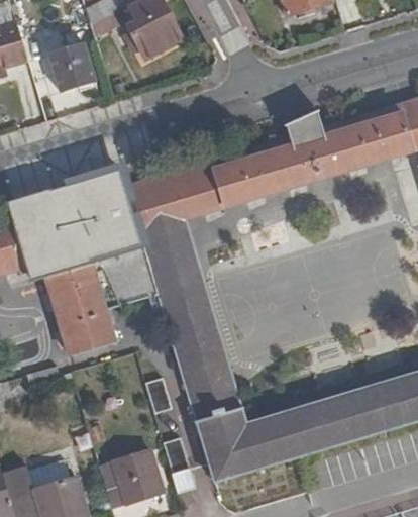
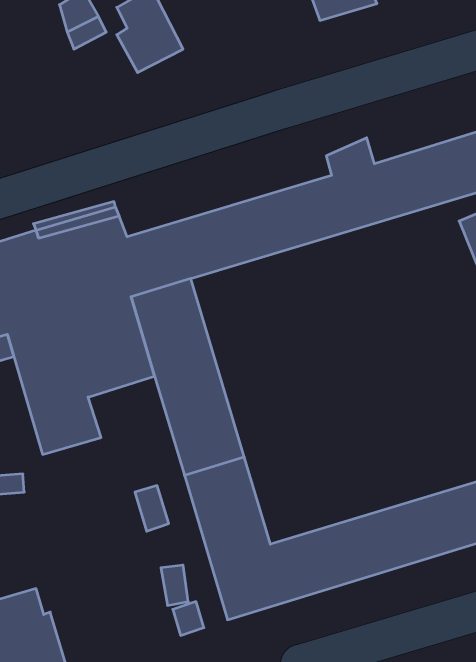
building: [49,46,94,92] -> none
building: [100,452,163,507] -> none

